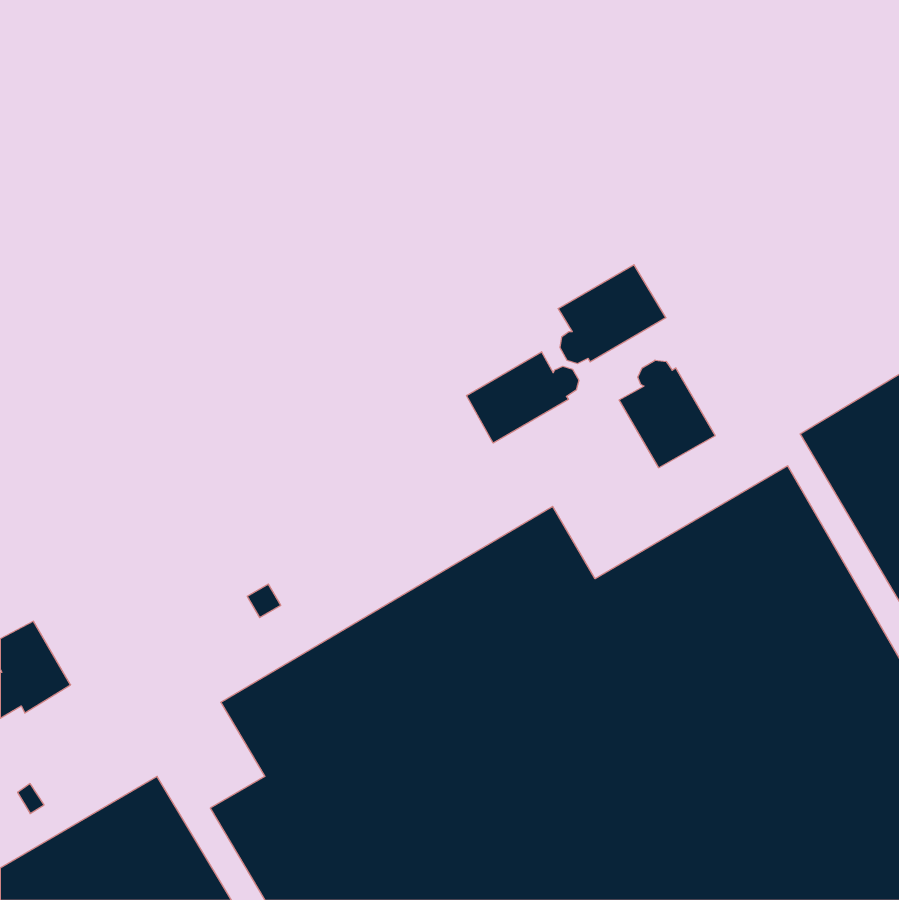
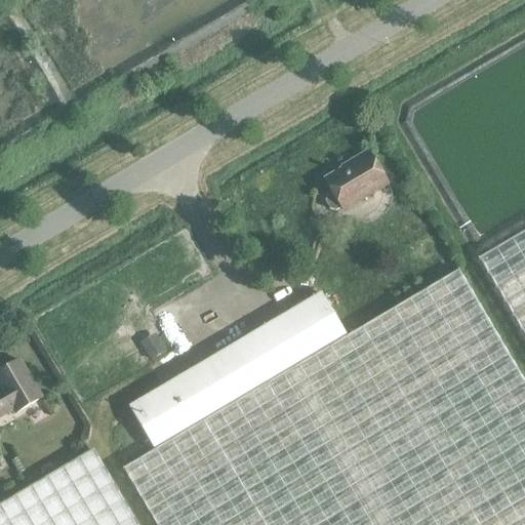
building: [467,352,579,443] -> none
building: [619,360,715,468] -> none

